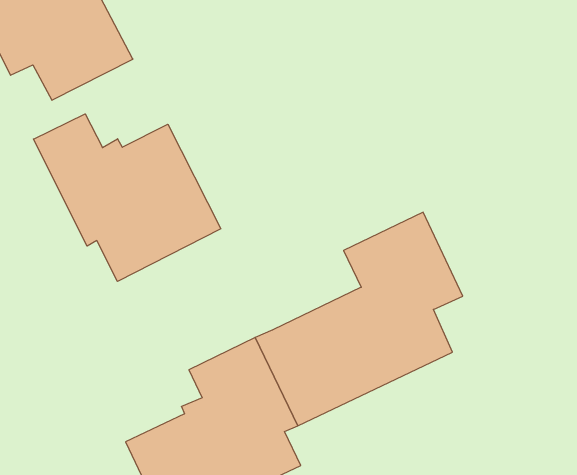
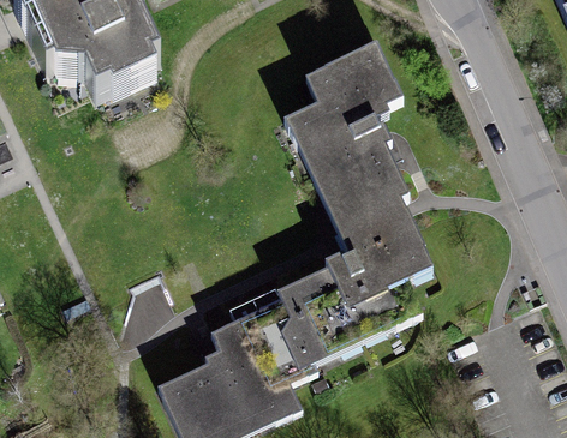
building: none -> [284,42,408,228]
building: [33,114,221,281] -> none

